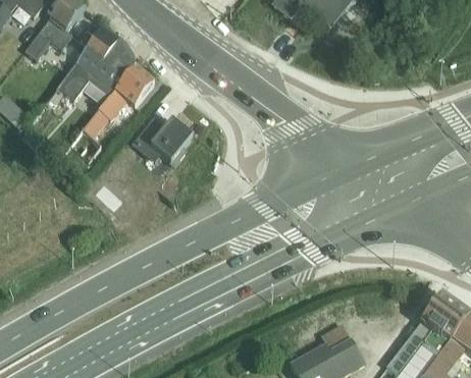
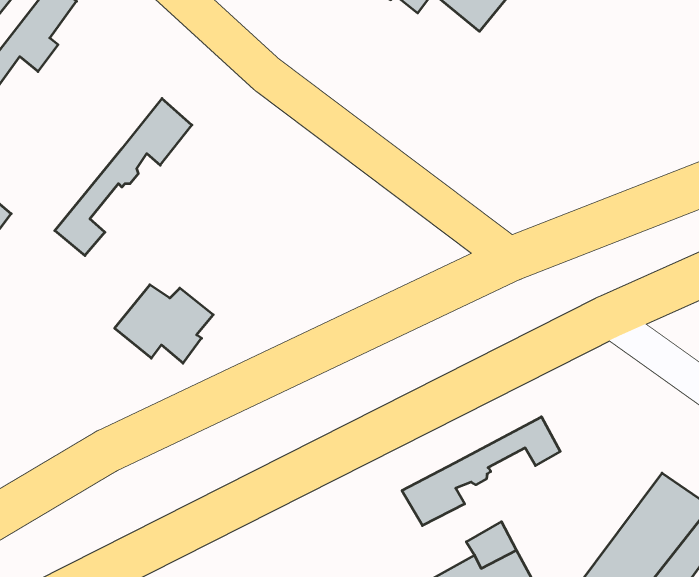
building: [56,29,135,100] -> none
building: [132,117,192,165] -> [115,285,213,363]
building: none -> [402,417,560,526]

